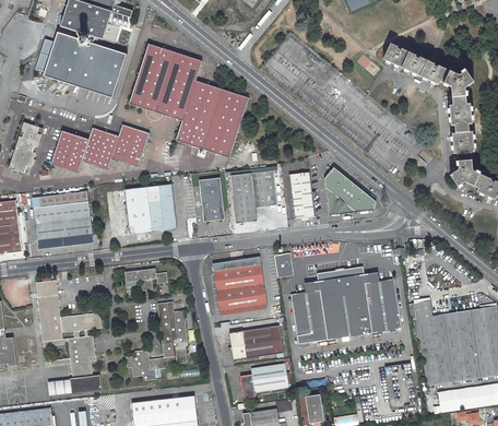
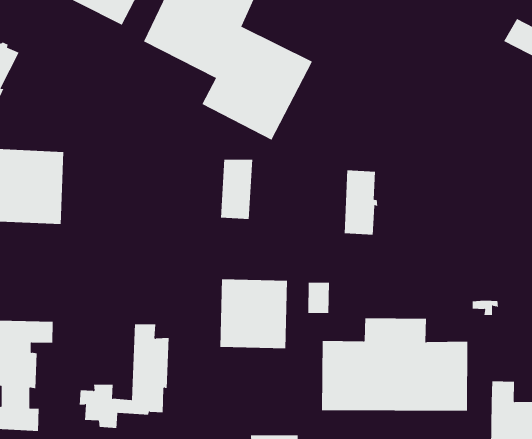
building: [51,125,151,173] -> none
building: [232,168,277,222] -> none
building: [322,170,375,214] -> none
building: [124,184,177,234] -> none
building: [124,269,167,292] -> none
building: [227,324,282,360] -> none

